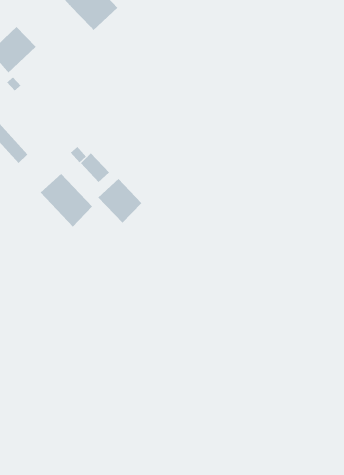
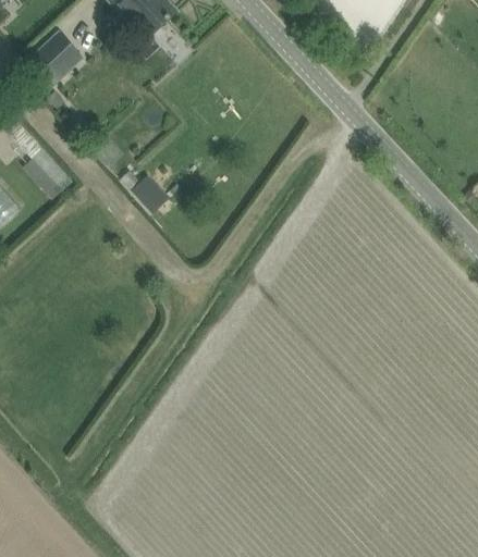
building: [40,173,93,227] -> none
building: [98,178,142,224] -> none

